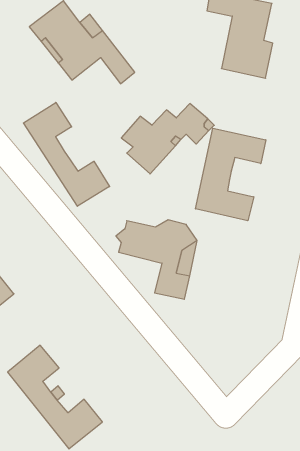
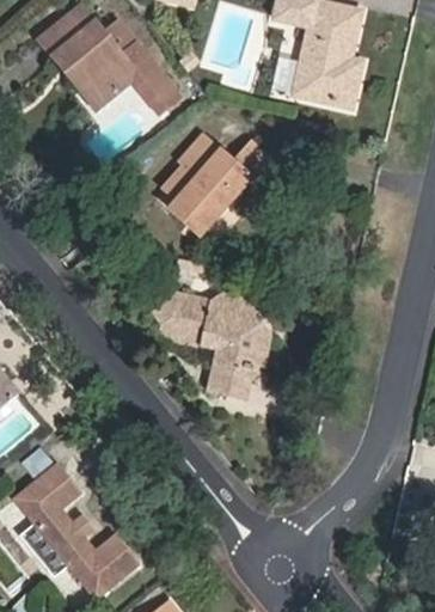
building: [23,102,110,206] -> none
building: [196,128,266,221] -> none

